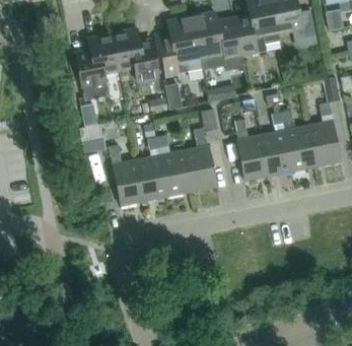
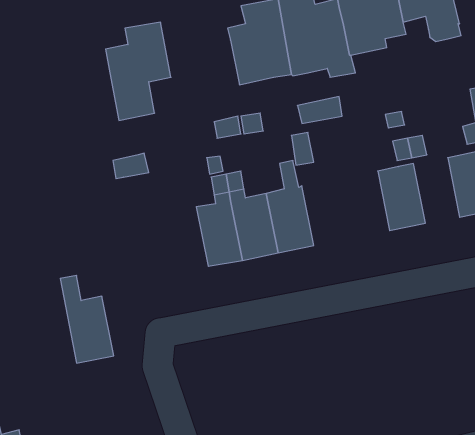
building: [112,28,158,81] -> none
building: [234,120,268,181] -> none
building: [284,126,315,170] -> none
building: [108,145,144,205] -> [60,275,114,363]

